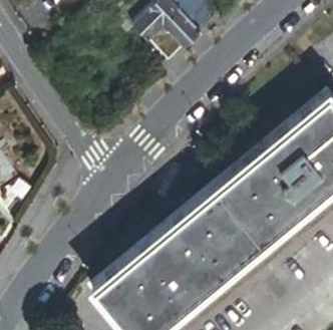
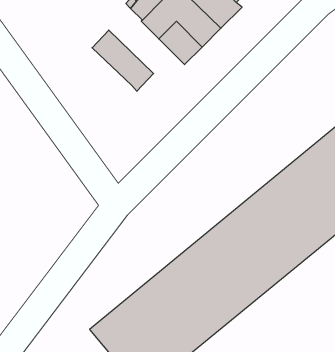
building: none -> [92,30,154,91]

